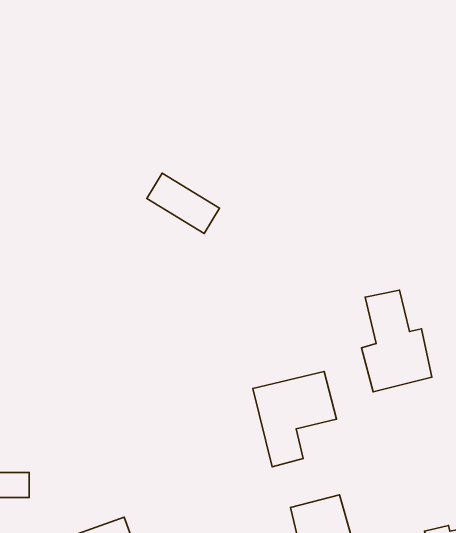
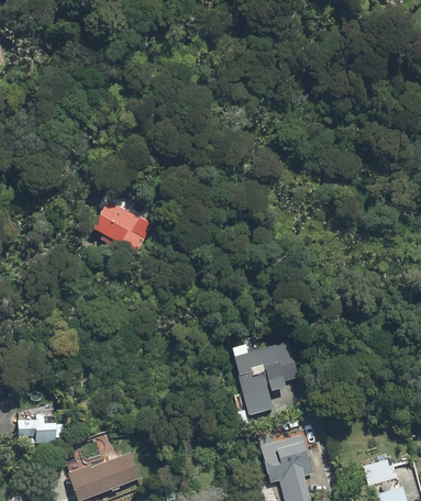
building: [147,173,220,233] -> [93,201,151,248]
building: [361,290,432,392] -> none

